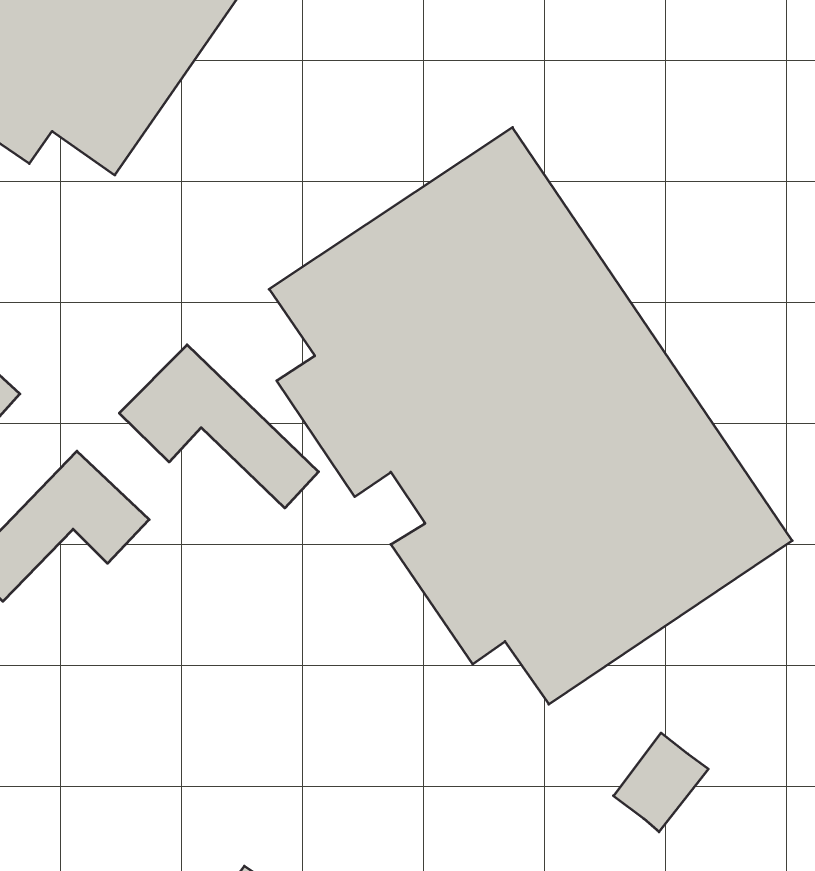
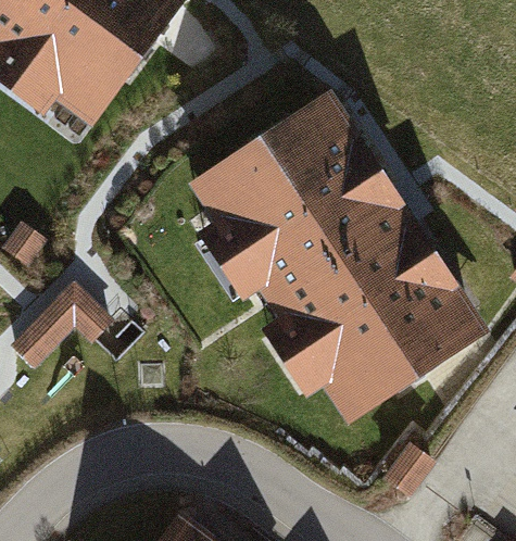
building: [119,345,319,508] -> none

